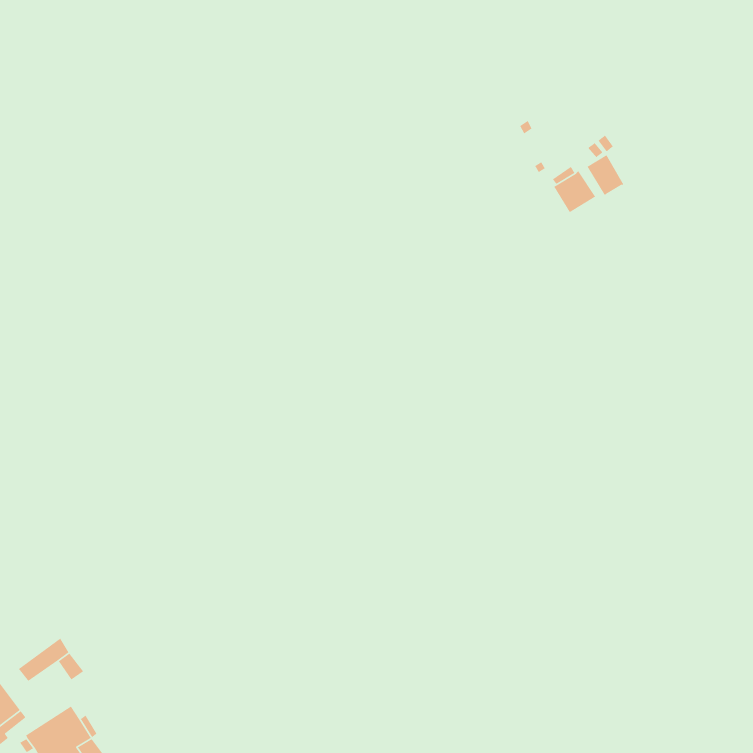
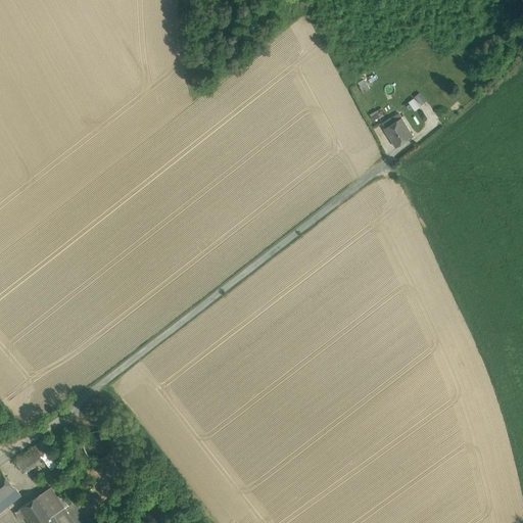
building: [586,154,625,196] -> none

